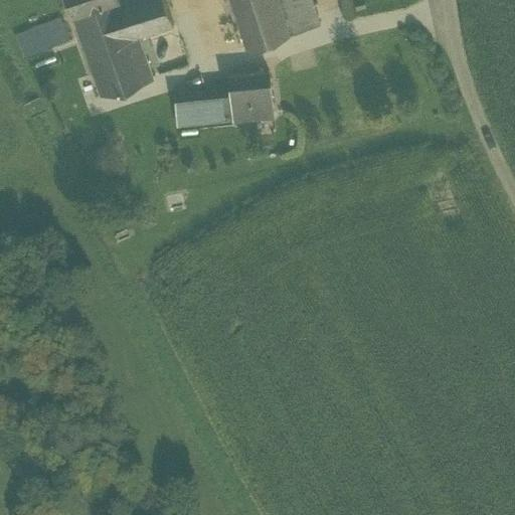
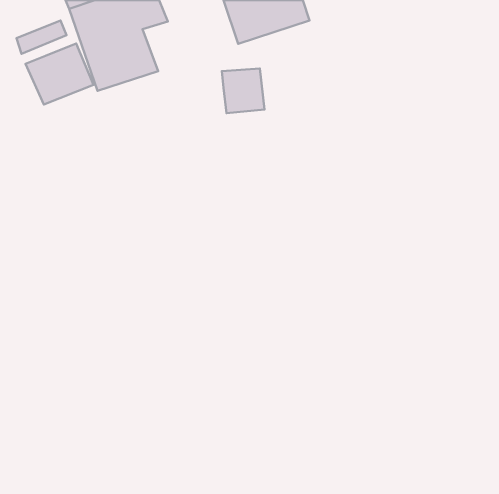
building: none -> [25,44,93,105]
building: [175,96,233,129] -> none

